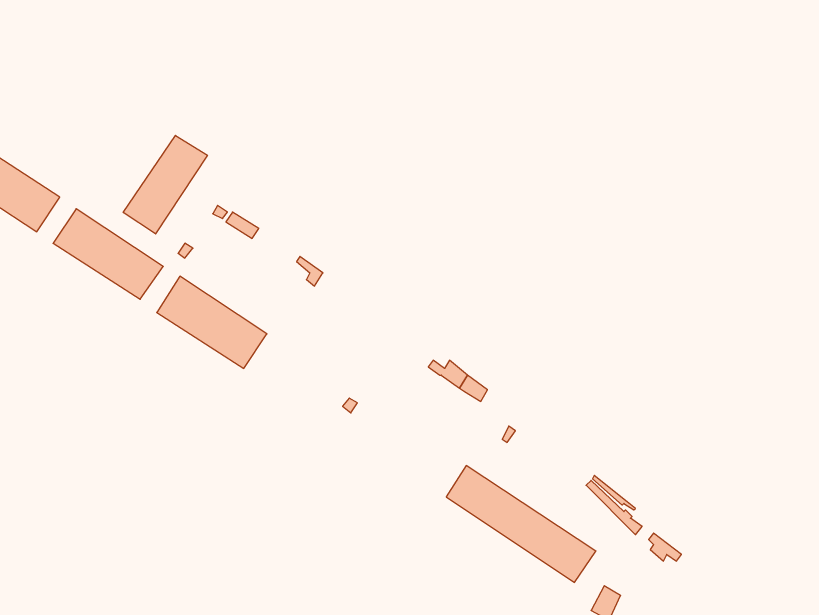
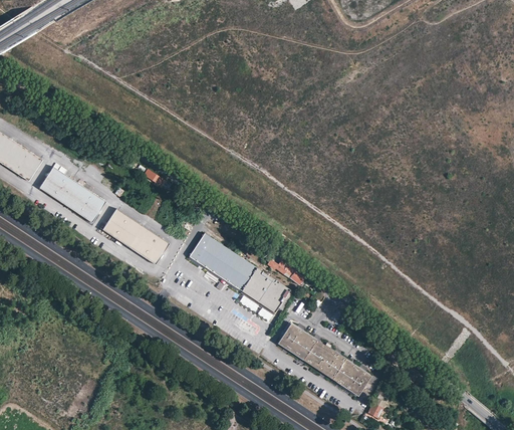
building: [123,135,207,234] -> none
building: none -> [189,233,292,312]

